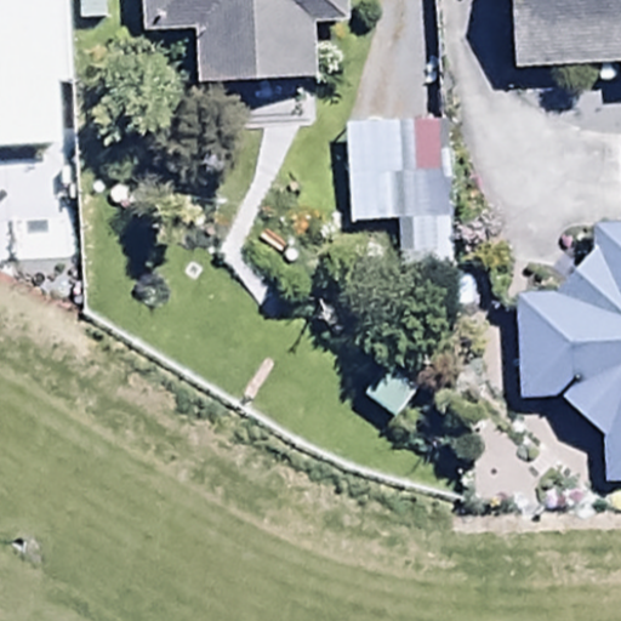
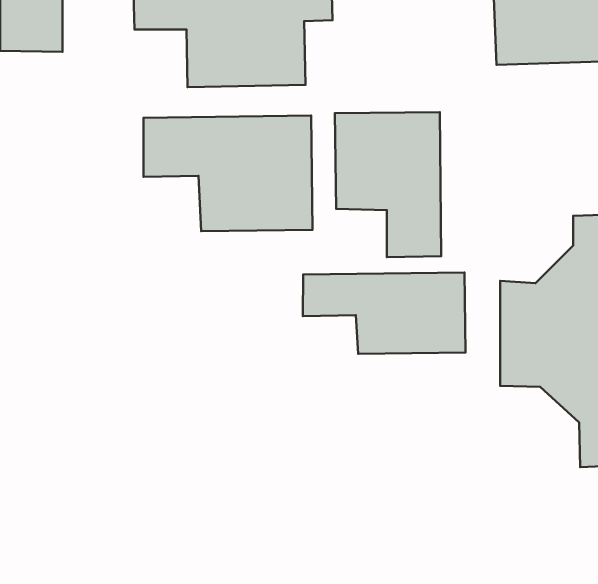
building: none -> [143,115,313,231]
building: none -> [303,272,466,354]

